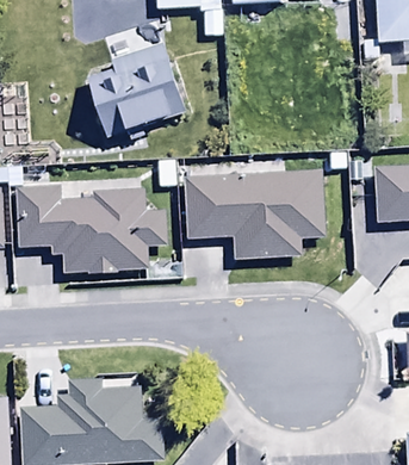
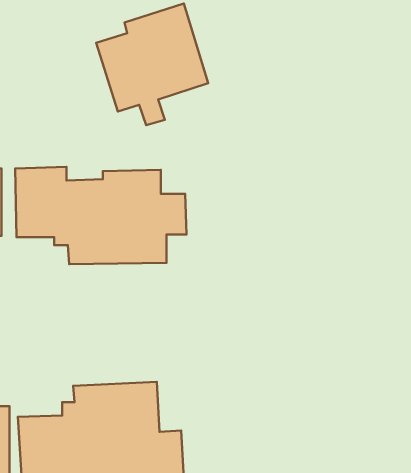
building: [182,169,327,259] -> none

